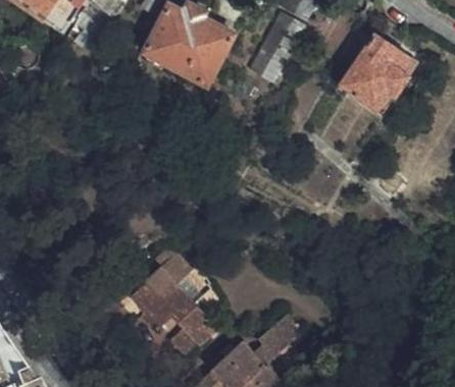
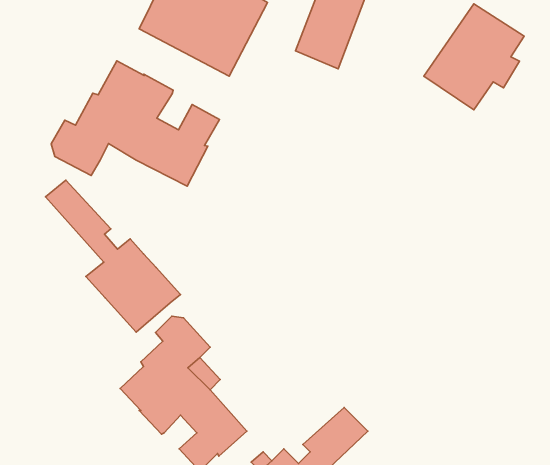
building: none -> [51,61,219,186]
building: none -> [45,180,180,332]

